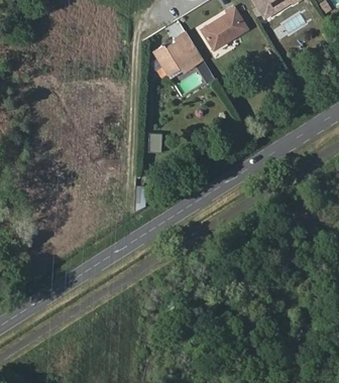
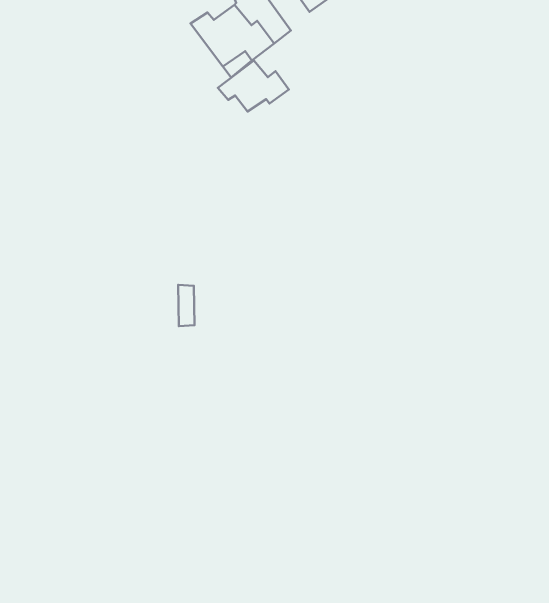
building: none -> [218,61,289,112]

